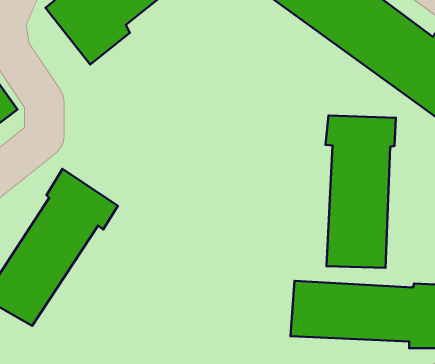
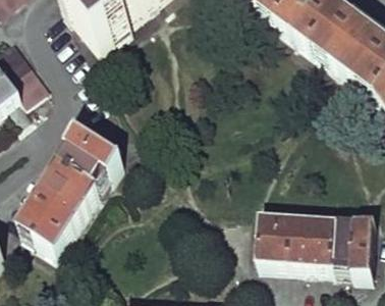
building: [326,115,396,268] -> none

